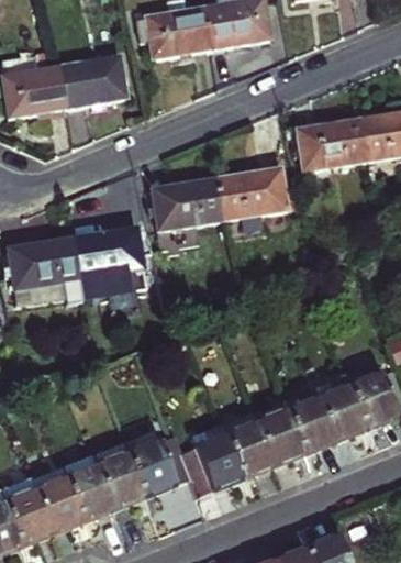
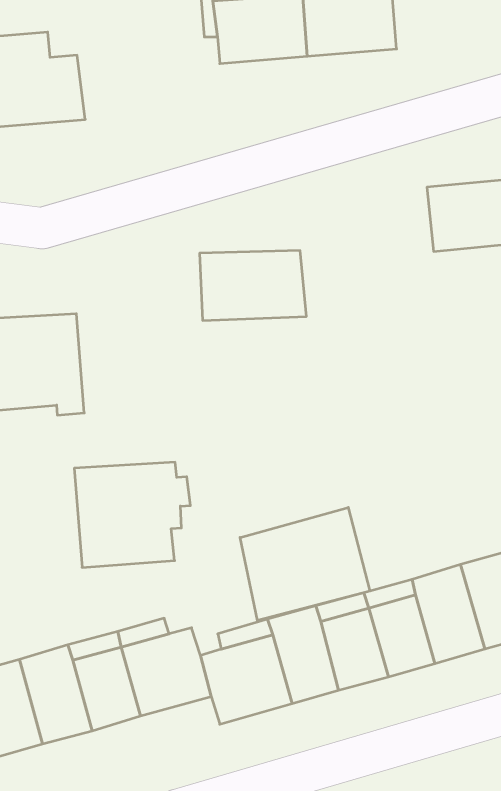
building: [57,55,125,108] -> none
building: [218,170,290,222] -> none
building: [75,225,154,301] -> [74,462,190,567]
building: none -> [240,507,370,621]

